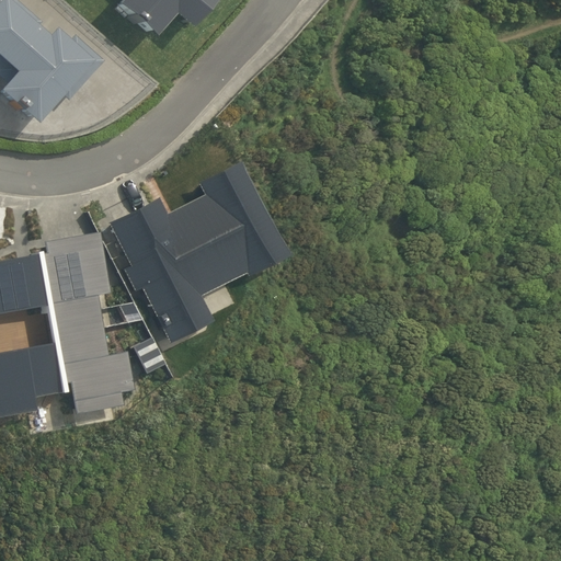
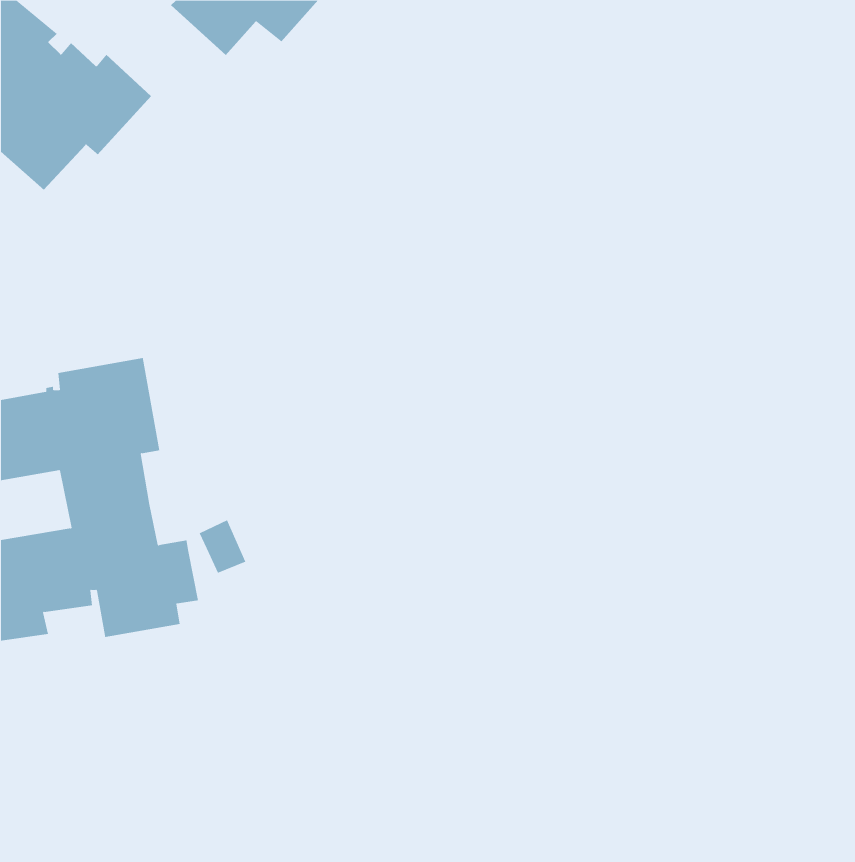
building: [108,162,286,342] -> none

